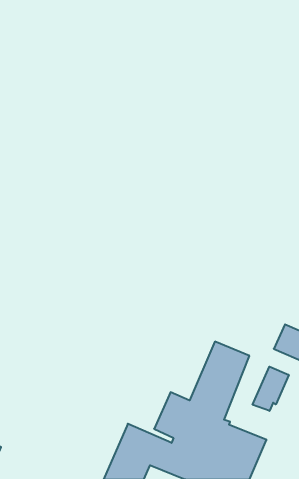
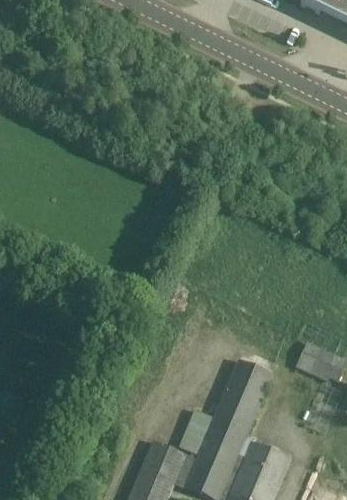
building: [253,367,289,411] -> none

